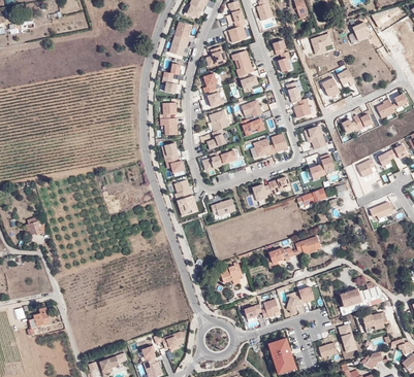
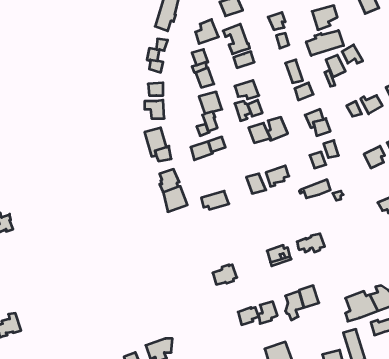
building: none -> [306,30,344,56]

